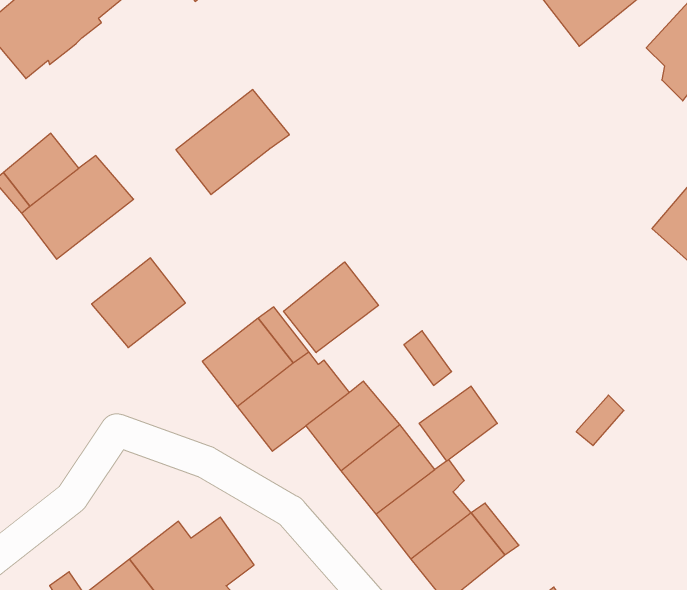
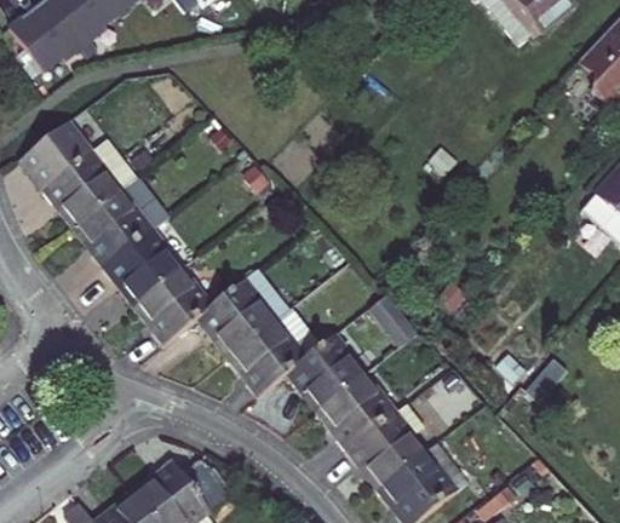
building: [176,90,289,195] -> [71,178,170,269]
building: [284,262,378,353] -> none
building: none -> [133,268,213,345]
building: [419,386,497,461] -> none

